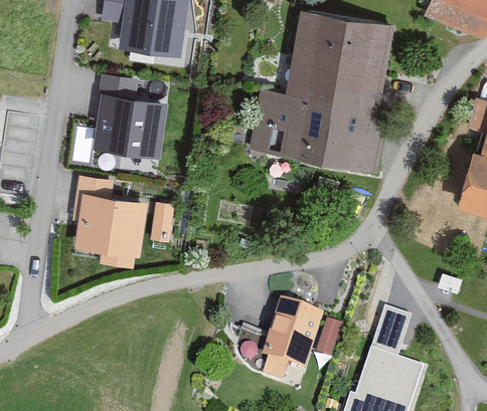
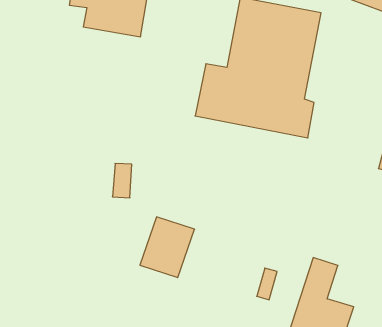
building: [90,74,174,161] -> none
building: [72,178,151,269] -> none
building: [263,304,325,374] -> [140,217,195,278]

